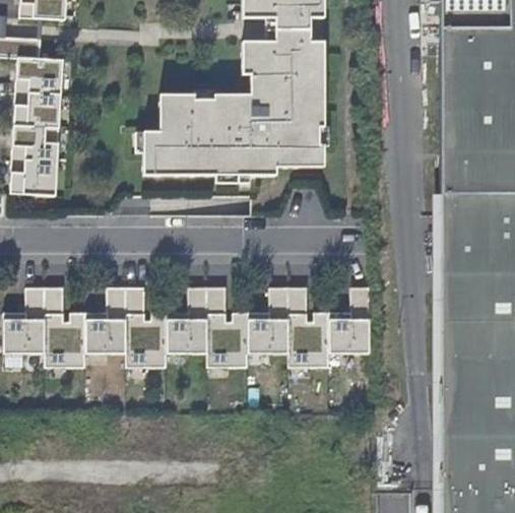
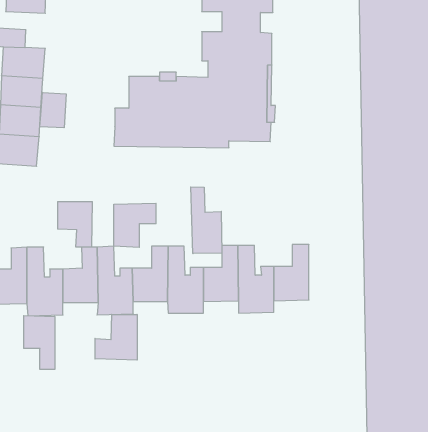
building: none -> [40,92,66,128]
building: none -> [191,187,222,254]
building: none -> [58,202,92,247]
building: none -> [114,203,156,247]
building: none -> [95,314,137,360]
building: none -> [24,316,55,369]

